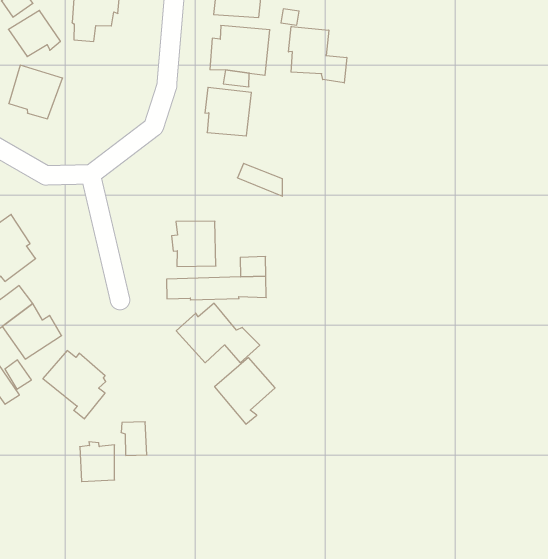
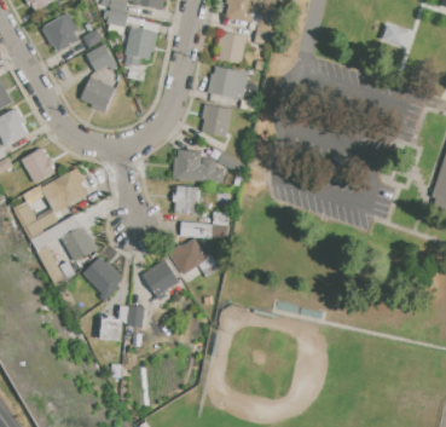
building: [289,26,347,83] -> none
building: none -> [172,148,224,181]
building: [215,358,275,424] -> [143,258,180,299]

